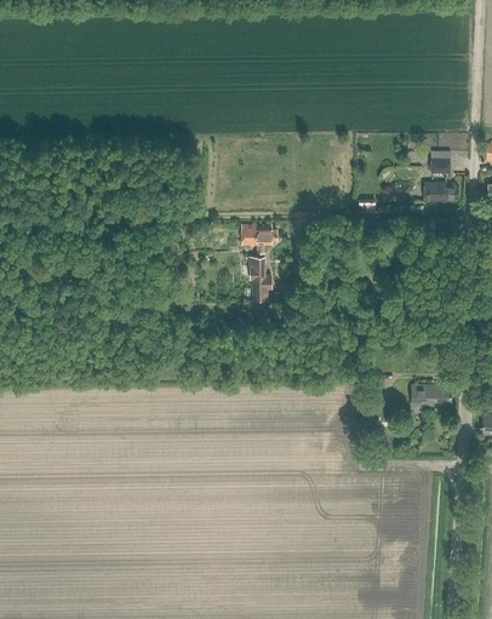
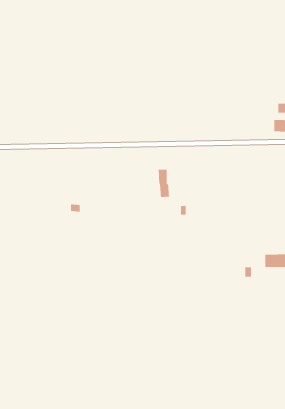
building: [240,224,276,253] -> none

